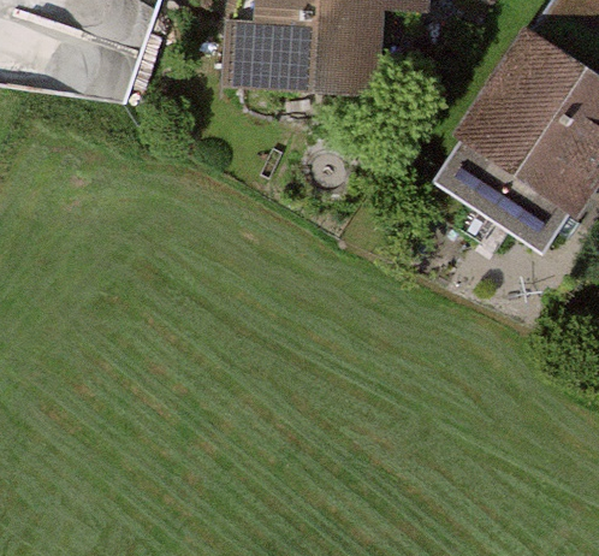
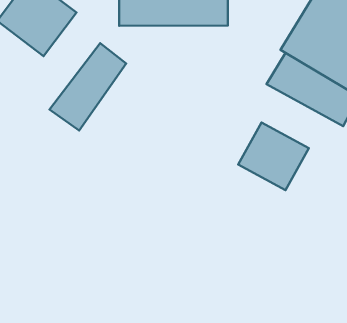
building: none -> [49,43,126,131]
building: none -> [238,122,309,190]

